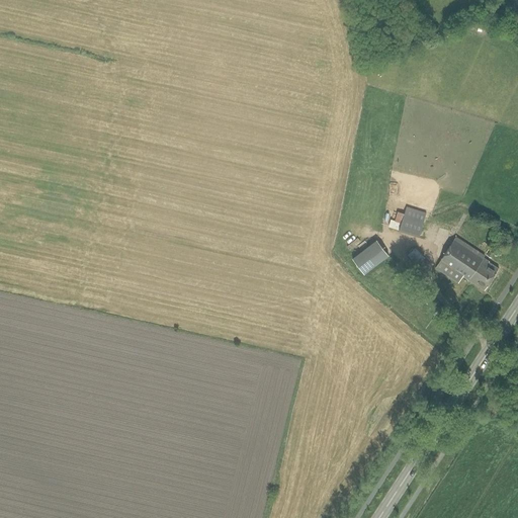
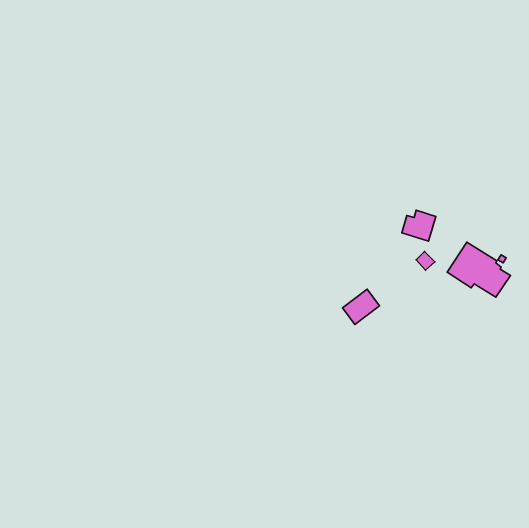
building: [352,239,388,273] -> [342,289,380,324]

